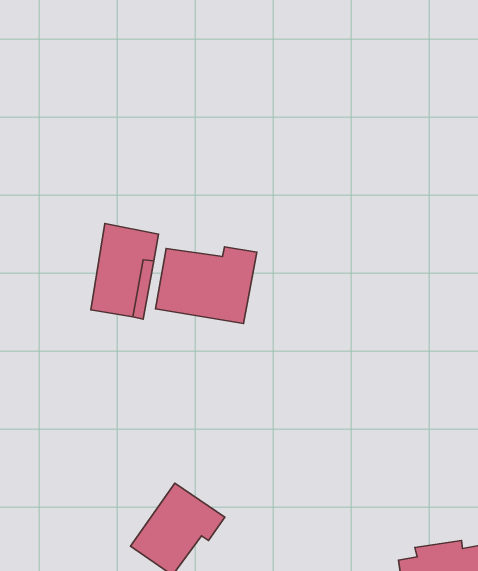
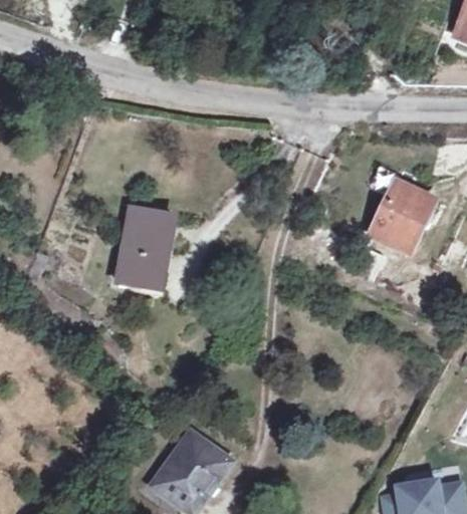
building: none -> [371,184,431,250]
building: [156,247,257,324] -> none

